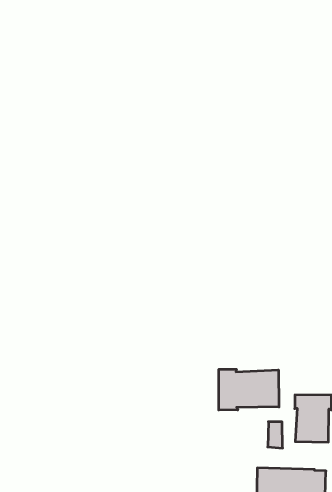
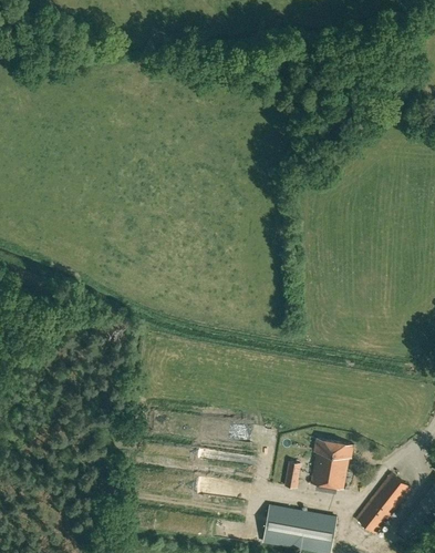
building: [219,369,279,410] -> none

